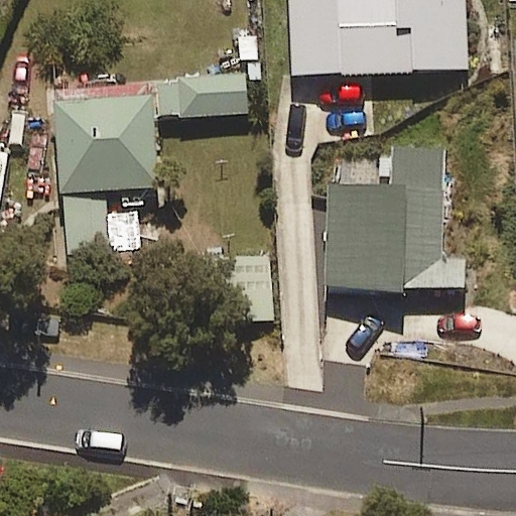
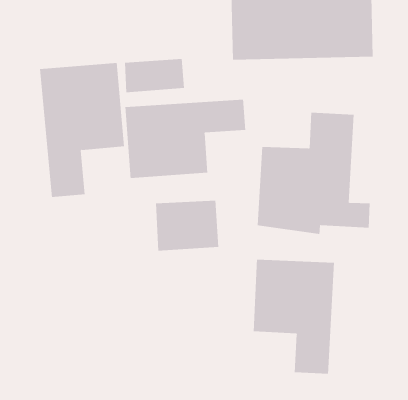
building: none -> [125,99,246,179]
building: none -> [253,259,335,375]

